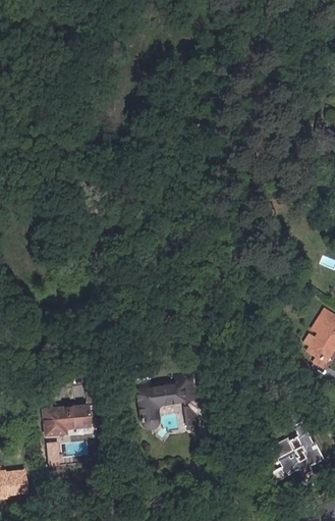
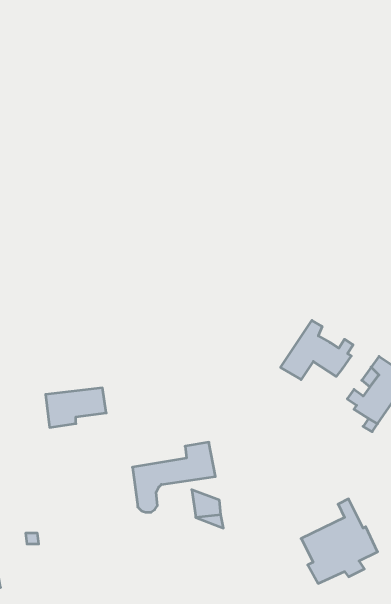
building: none -> [281,320,353,380]
building: [47,405,94,435] -> [46,388,106,427]

